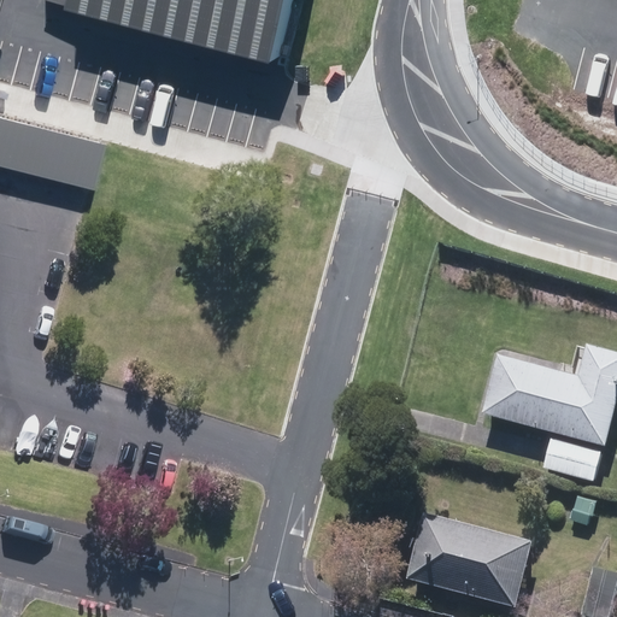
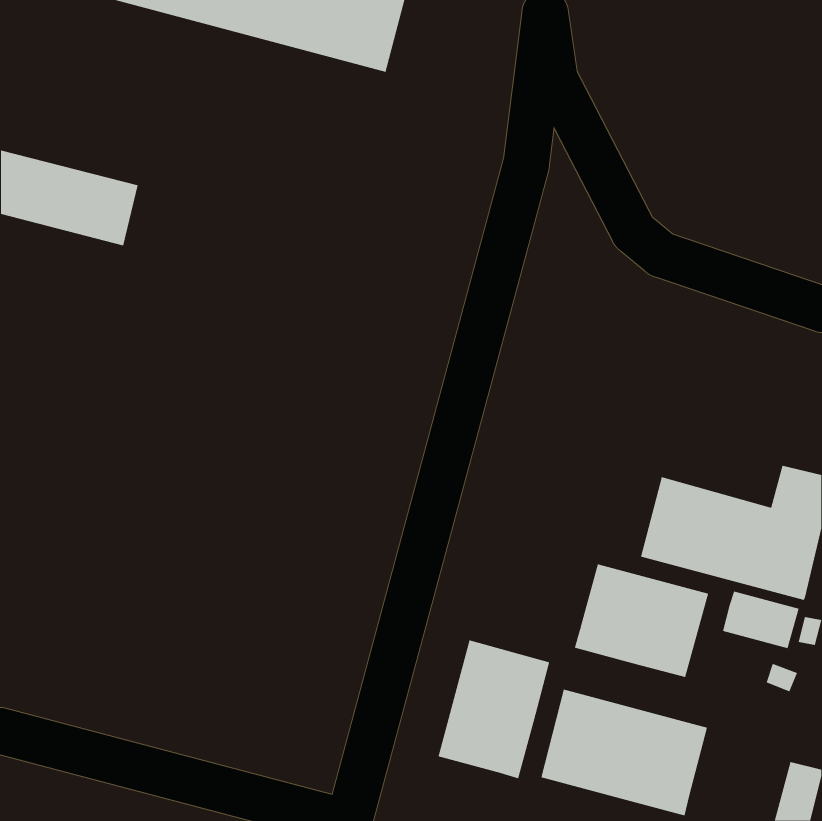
building: none -> [574,563,709,678]
building: none -> [438,639,550,779]

